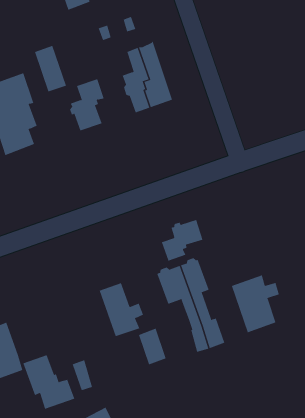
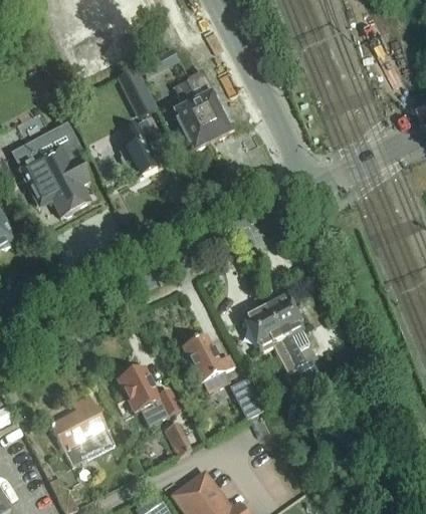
building: [34,45,67,92] -> [119,67,159,118]
building: [161,219,203,261] -> none
building: [231,275,280,333] -> none
building: [22,354,75,409] -> [118,364,180,424]

